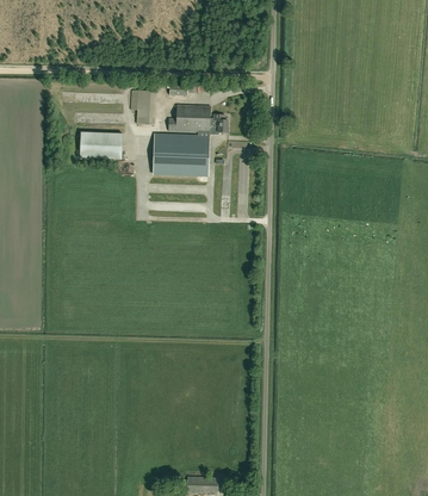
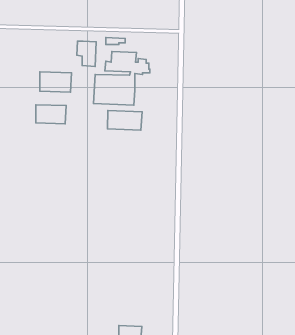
building: none -> [36,105,66,124]
building: none -> [107,110,142,130]

